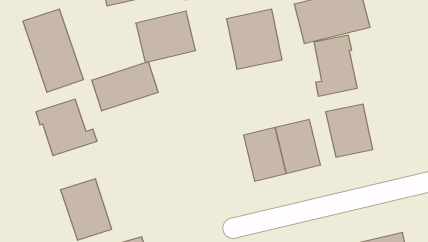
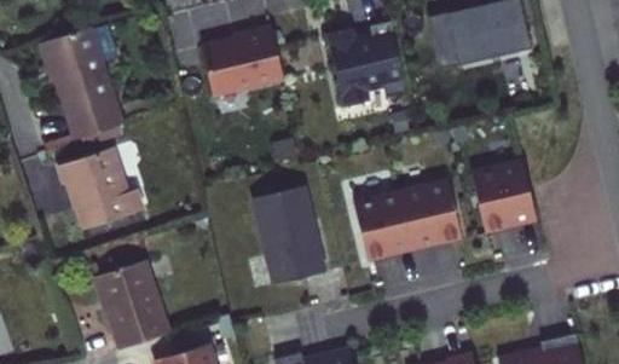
building: [314,35,357,96] -> none
building: [92,62,158,111] -> none
building: none -> [253,186,328,284]

